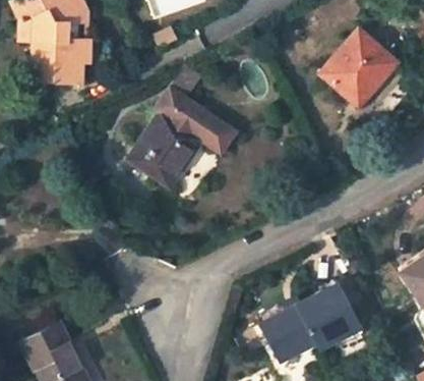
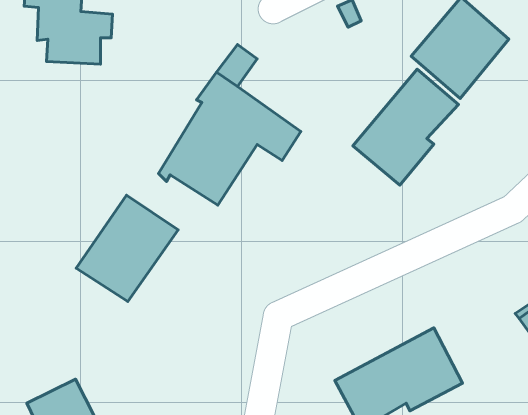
building: none -> [353,69,459,185]
building: none -> [76,195,178,302]

